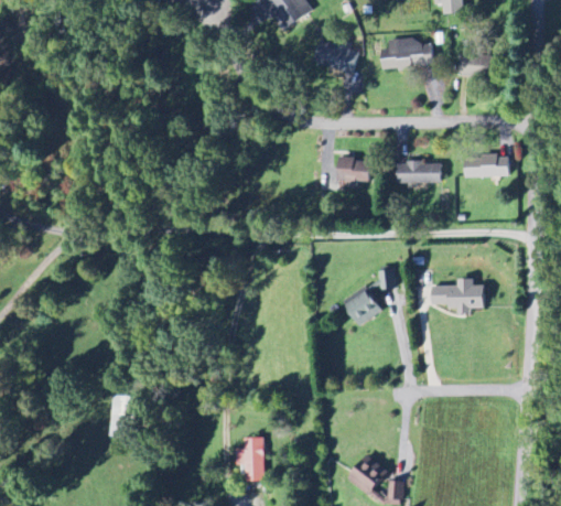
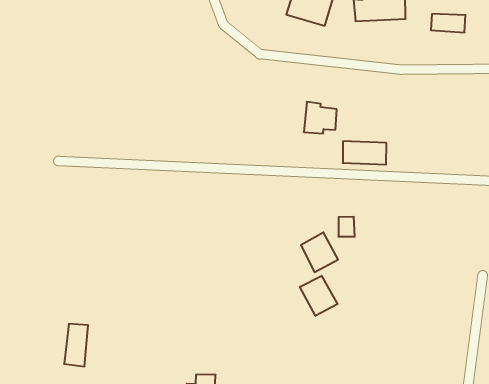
building: [465,154,508,176] -> none
building: [396,161,441,184] -> [343,141,386,165]
building: [430,279,483,314] -> none
building: none -> [300,276,338,316]

